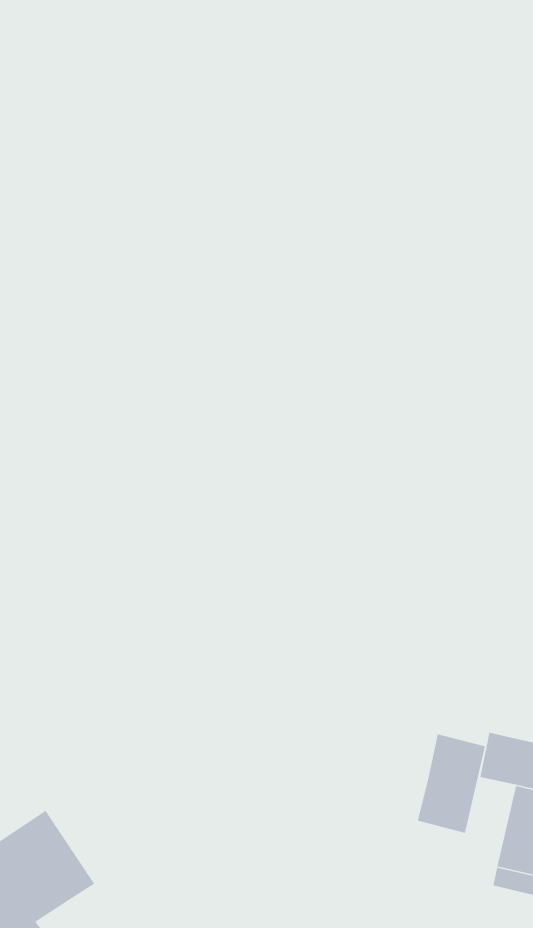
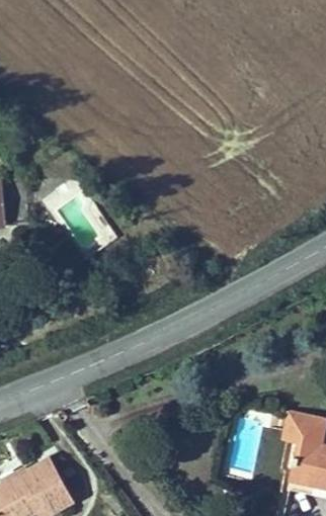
building: [417,733,486,834] -> none

